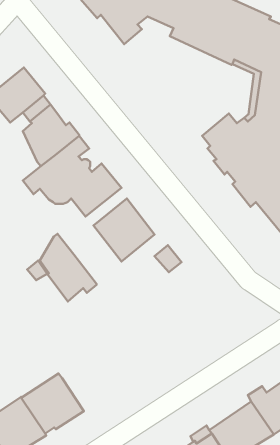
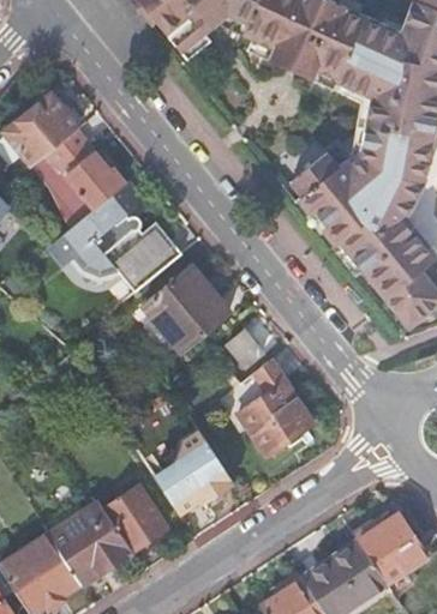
building: [40,234,97,302] -> none
building: none -> [220,359,313,455]
building: none -> [168,440,235,508]
building: none -> [103,484,167,552]

